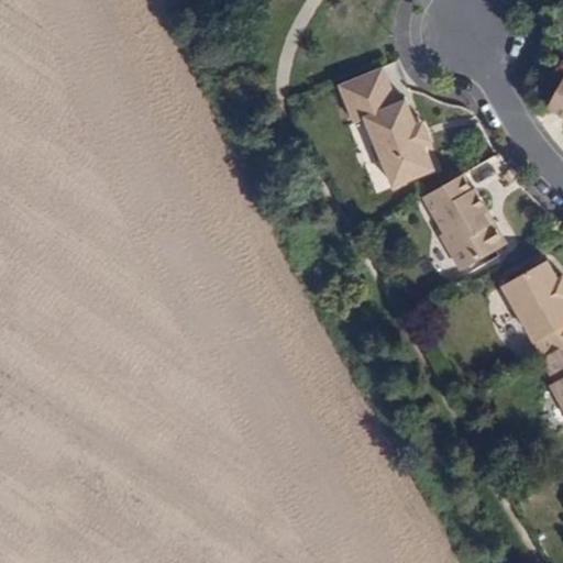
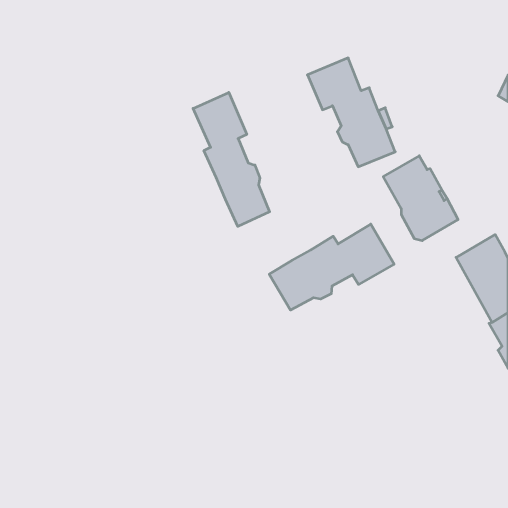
building: none -> [193,92,270,226]
building: none -> [269,224,394,310]

